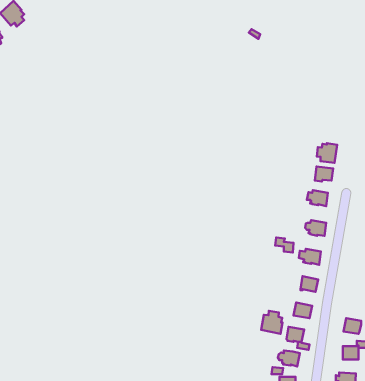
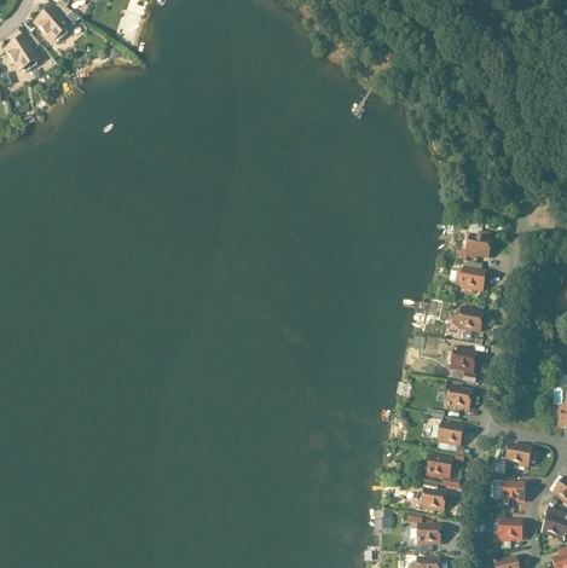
building: [317,143,337,163] -> none
building: [261,311,283,334] -> none

